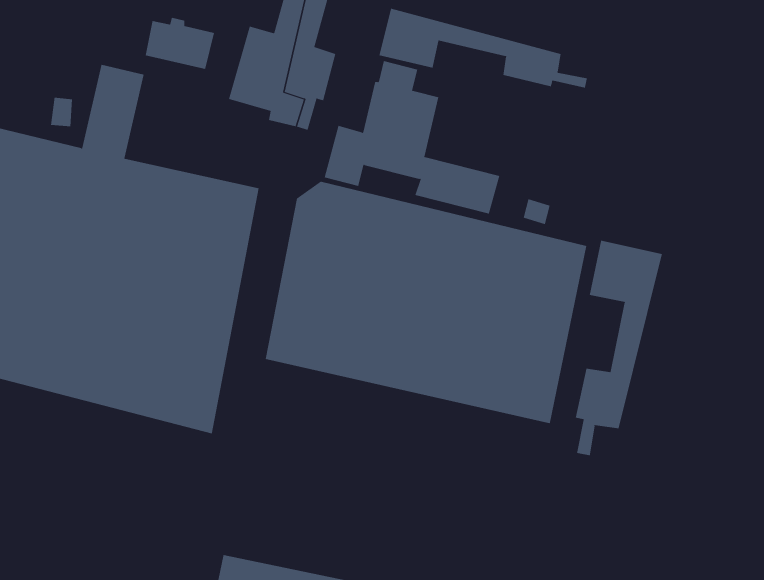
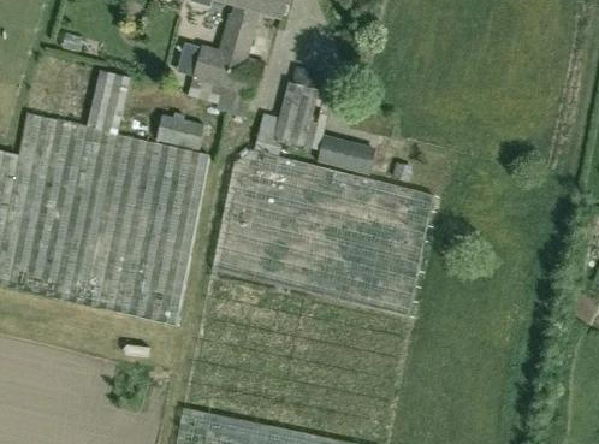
building: [379,8,588,89] -> none
building: [145,17,215,69] -> [155,112,203,148]
building: [575,240,662,456] -> none

